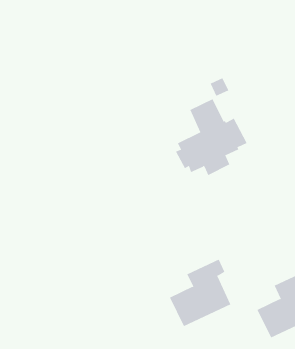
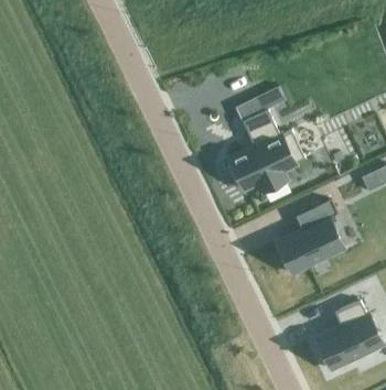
building: [169,259,231,327] -> [276,199,343,273]

